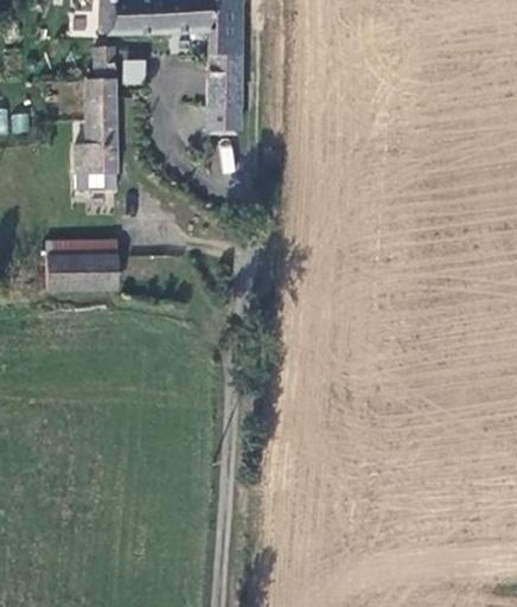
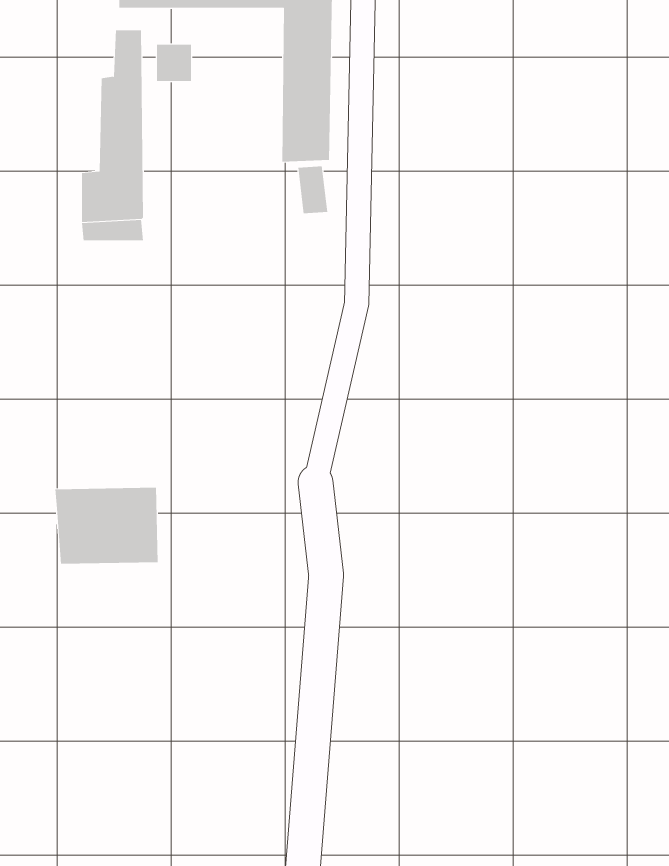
building: [47,239,116,290] -> [55,487,158,564]

